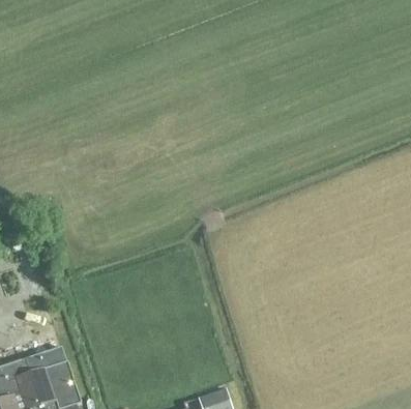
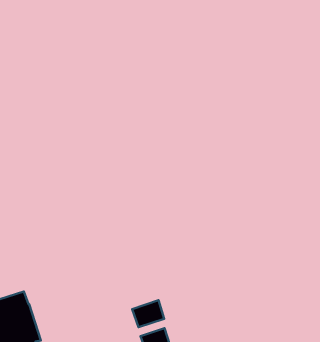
building: none -> [132,300,164,327]

